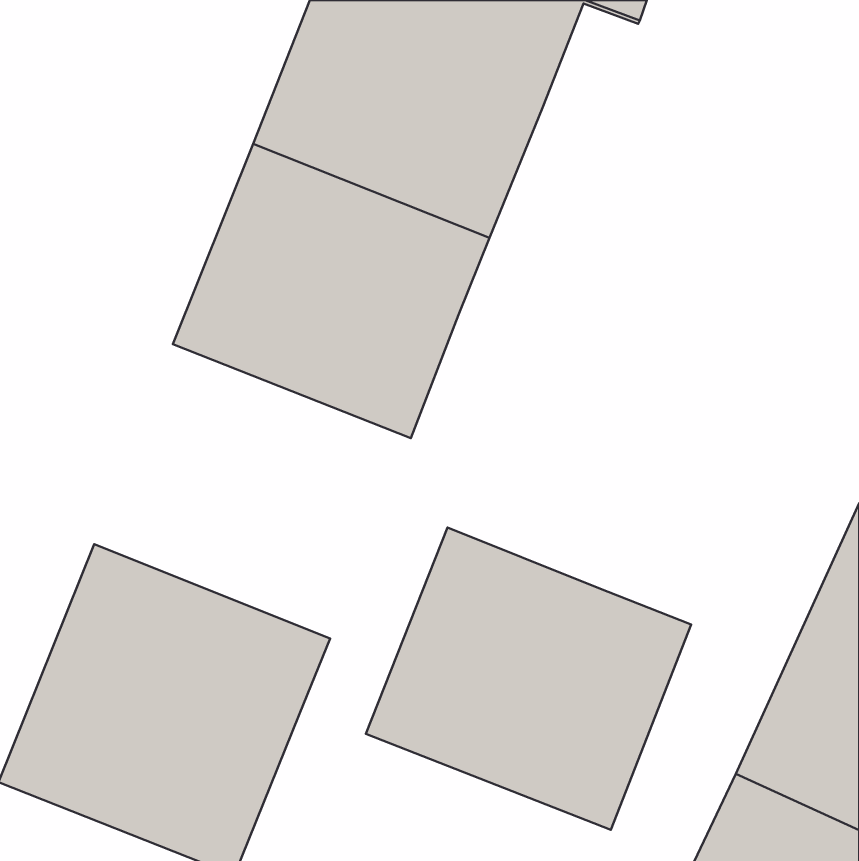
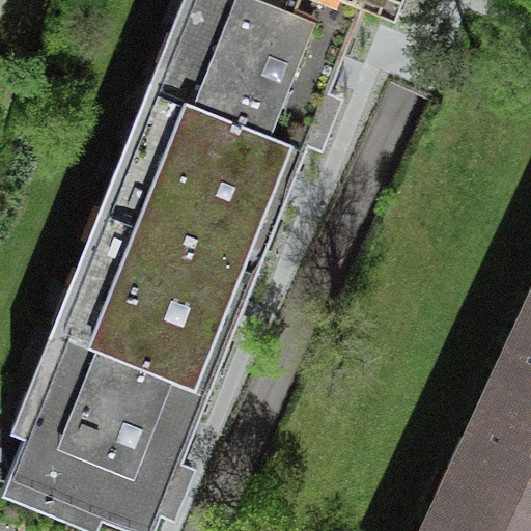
building: none -> [57,217,249,395]
building: [366,528,691,830] -> none

